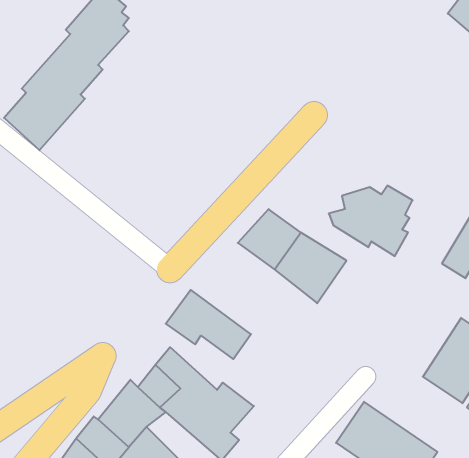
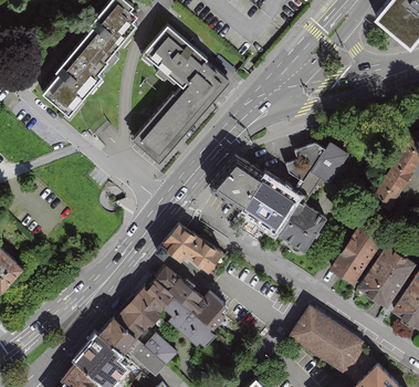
building: none -> [130,27,224,161]
building: none -> [275,200,328,253]
building: none -> [326,222,383,285]

